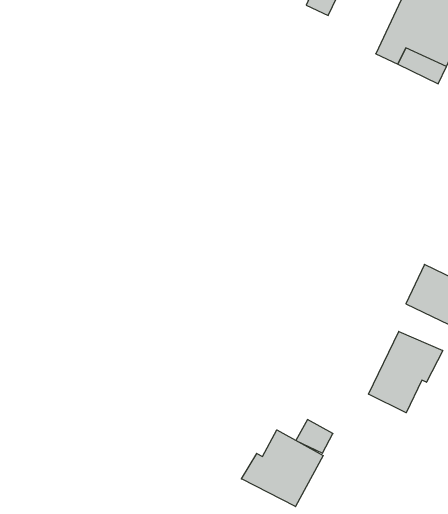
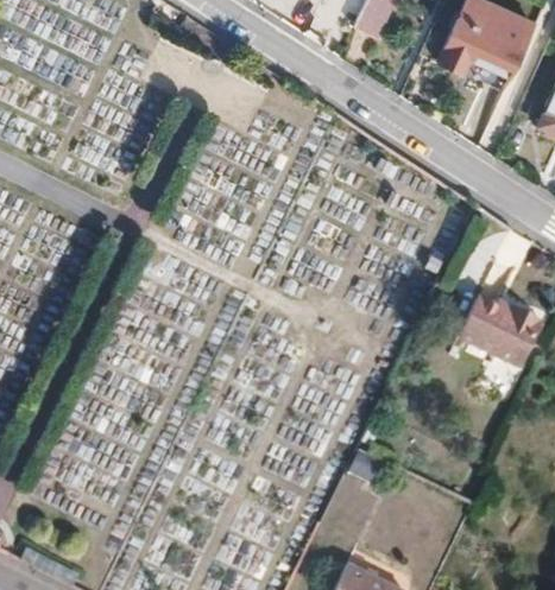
building: [369,331,443,413] -> none
building: [241,430,323,507] -> none

